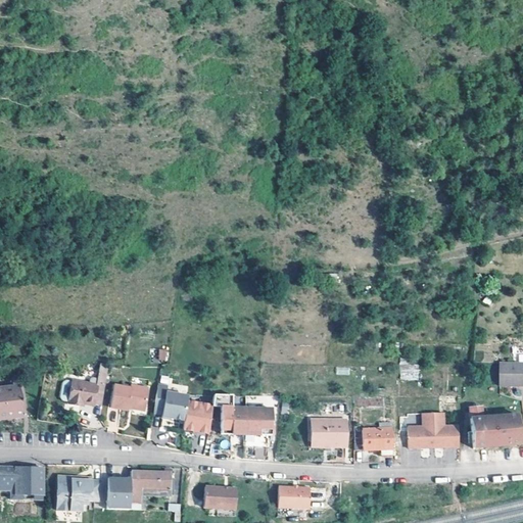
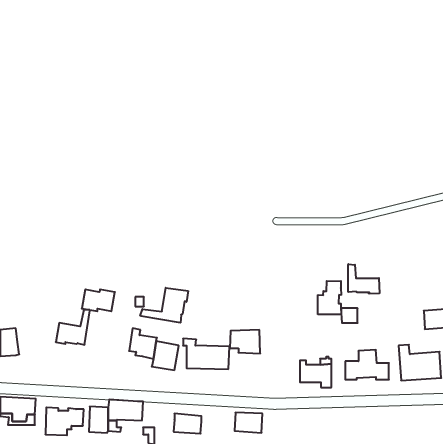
building: none -> [348,264,379,294]
building: none -> [318,281,341,315]
building: none -> [140,288,188,323]
building: [109,384,148,410] -> [82,289,115,311]
building: [312,418,347,445] -> [230,330,260,353]

